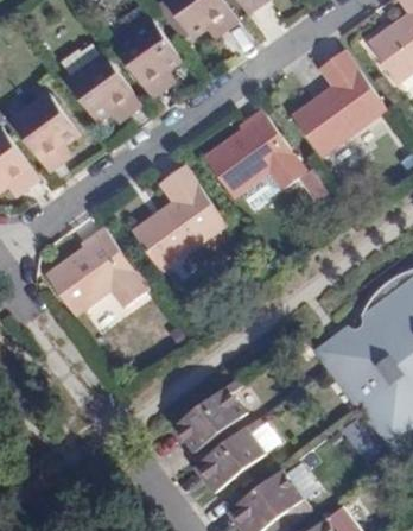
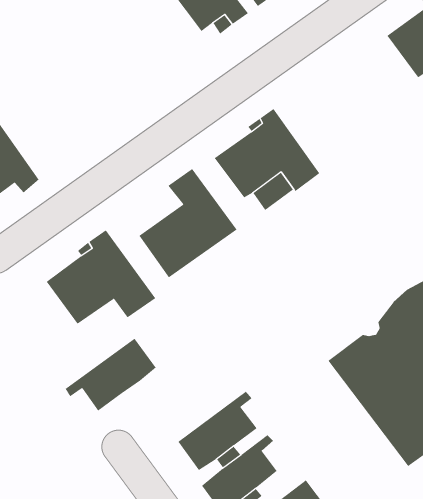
building: [113,18,180,95] -> none
building: [291,49,387,156] -> none
building: [64,53,139,120] -> none
building: [8,91,78,172] -> none
building: none -> [65,338,156,412]

